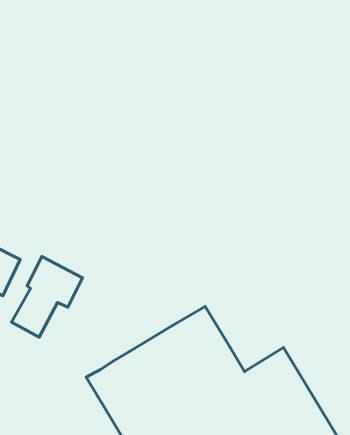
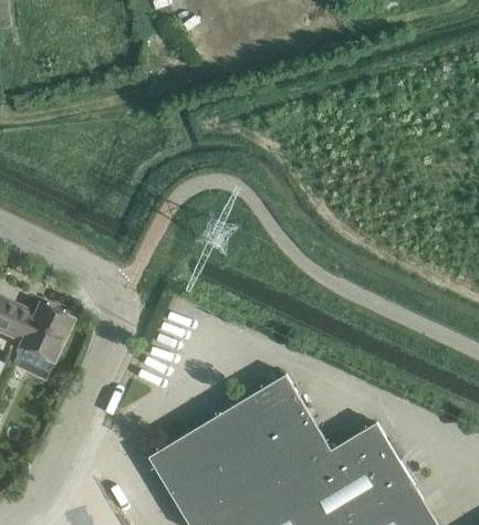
building: [12,256,83,337] -> none

